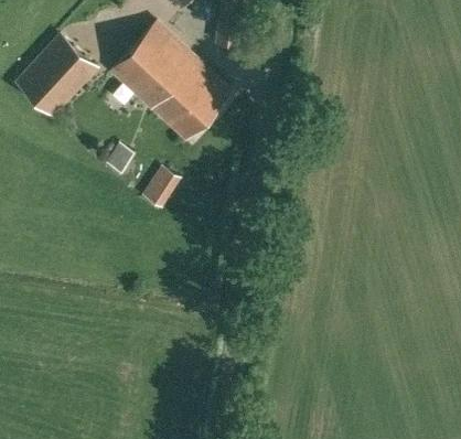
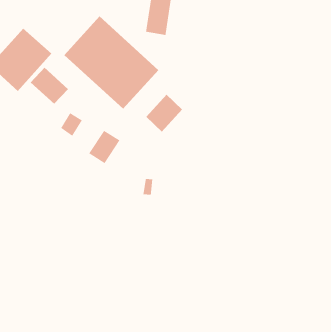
building: none -> [30,67,69,105]
building: none -> [146,94,183,132]

